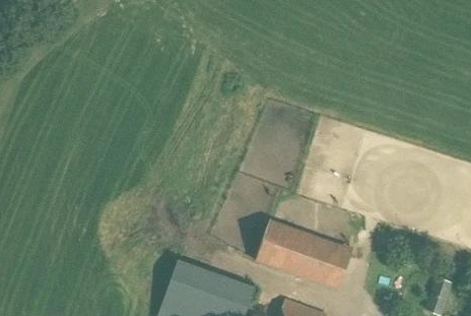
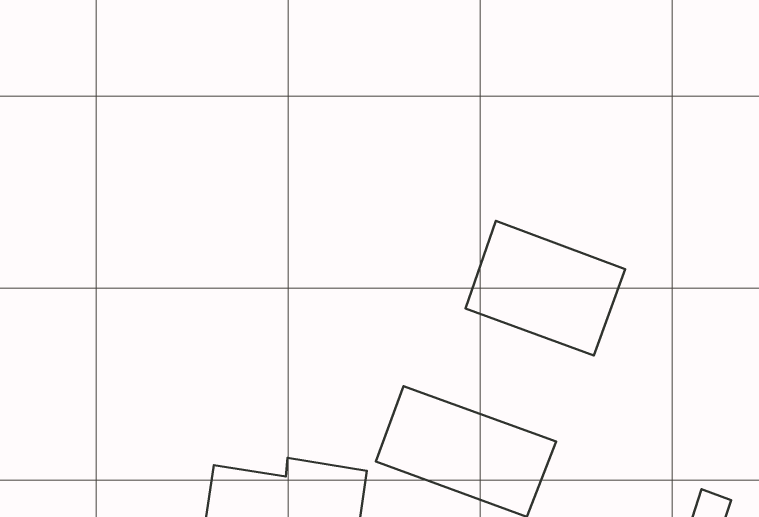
building: none -> [465,221,625,356]

